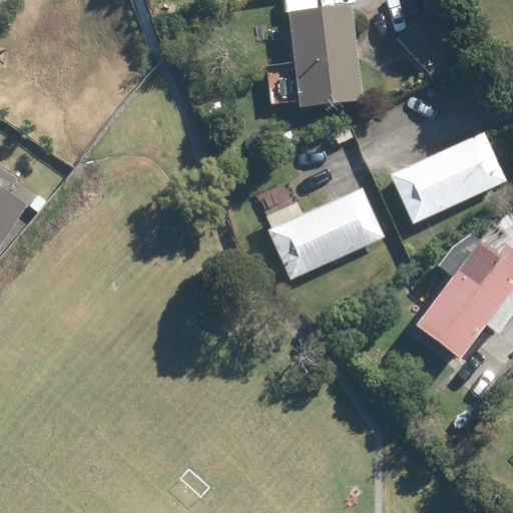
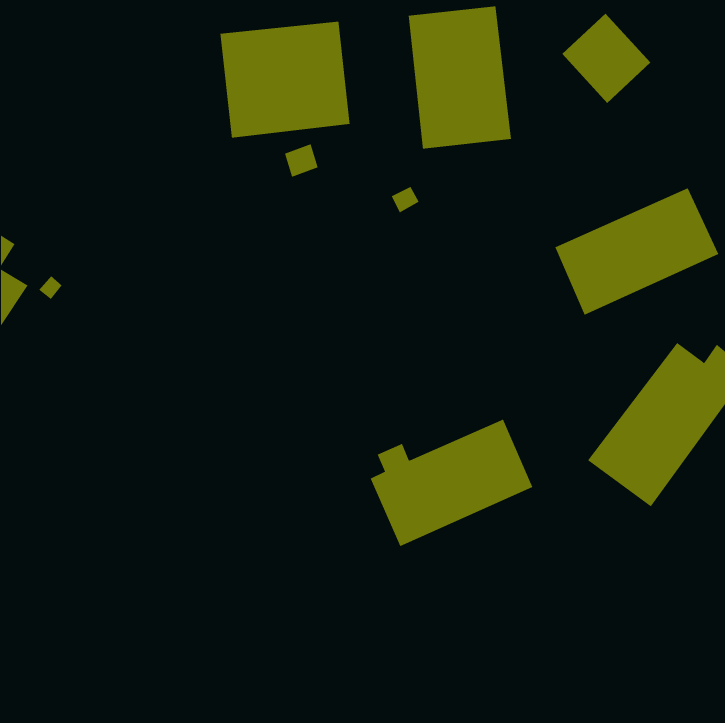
building: none -> [220,21,350,139]
building: [269,188,384,279] -> [370,419,533,547]

